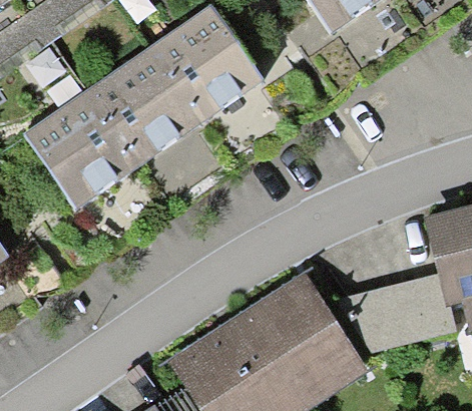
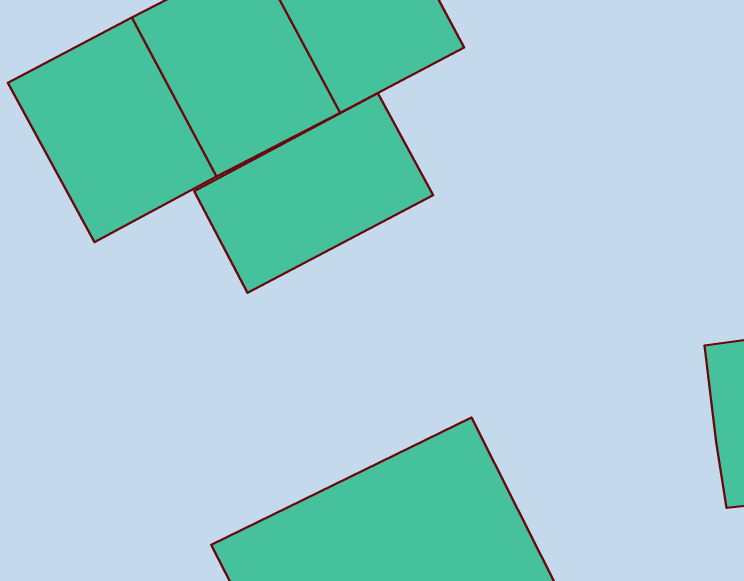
building: none -> [194,93,433,293]
building: [343,275,452,355] -> none

